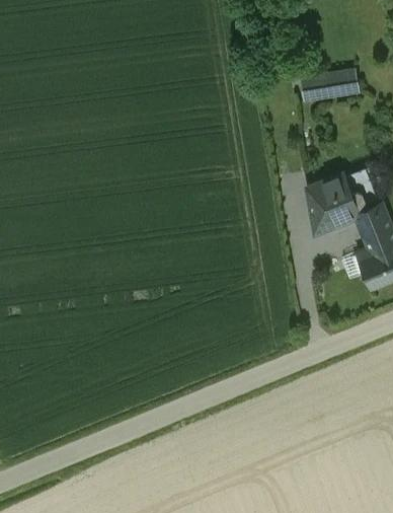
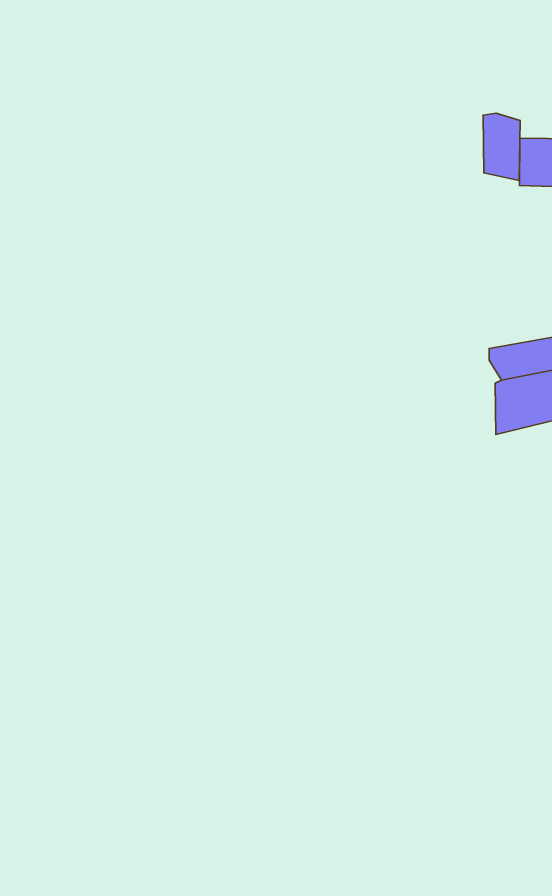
building: none -> [483,113,520,181]

